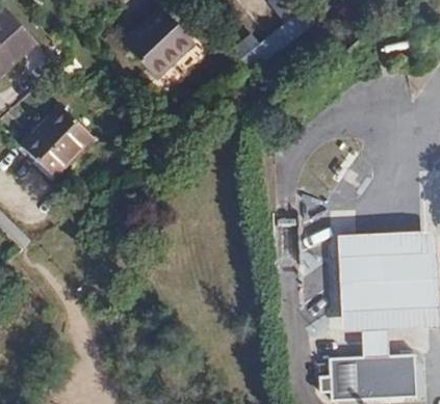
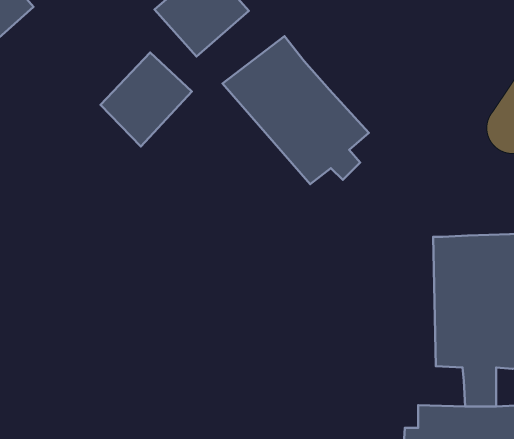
building: none -> [223,36,369,184]
building: [19,106,89,179] -> [100,52,192,147]

